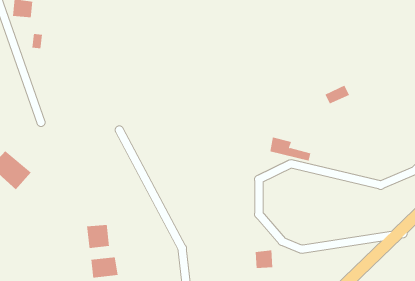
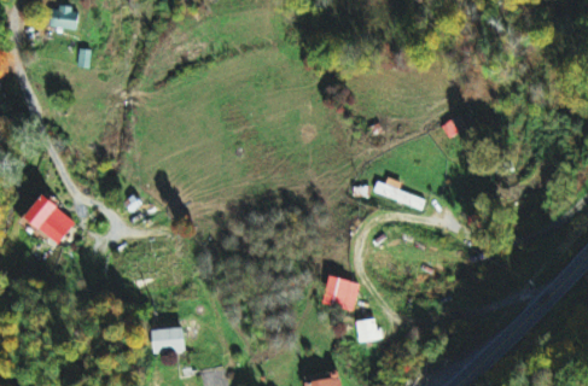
building: none -> [321,275,359,312]
building: [86,224,109,249] -> none

